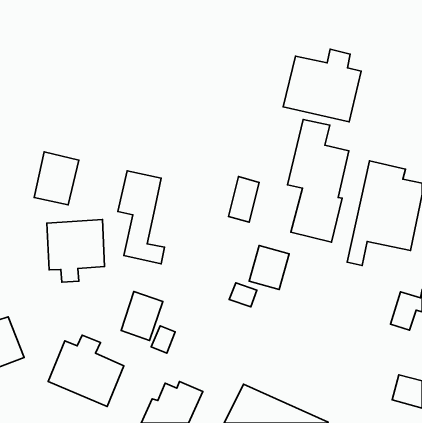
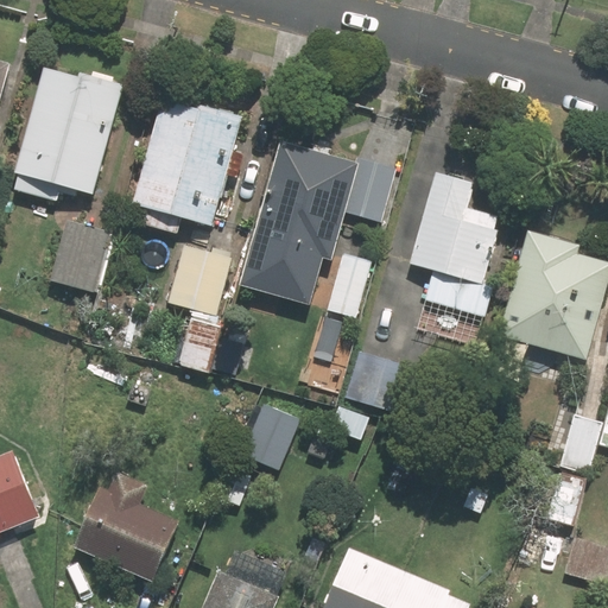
building: none -> [12,65,120,197]
building: [283,49,361,122] -> none
building: none -> [135,97,246,235]
building: none -> [256,141,392,276]
building: [47,220,105,282] -> none
building: [121,292,163,341] -> [240,399,299,469]

